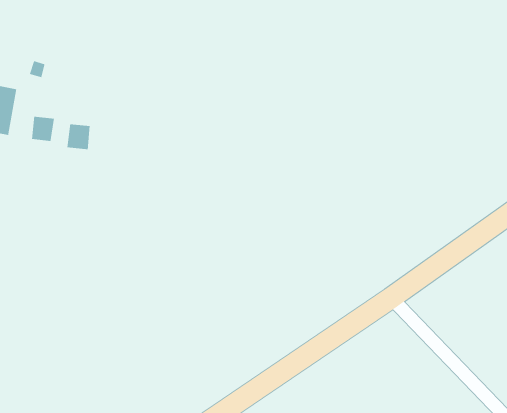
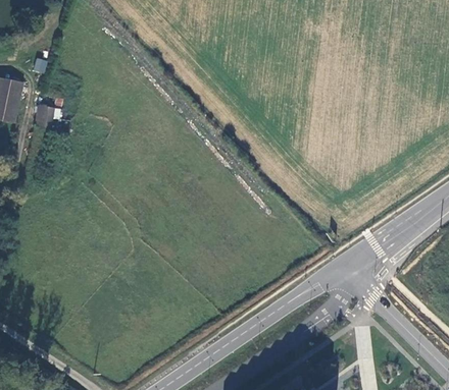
building: [66,123,90,150] -> none

